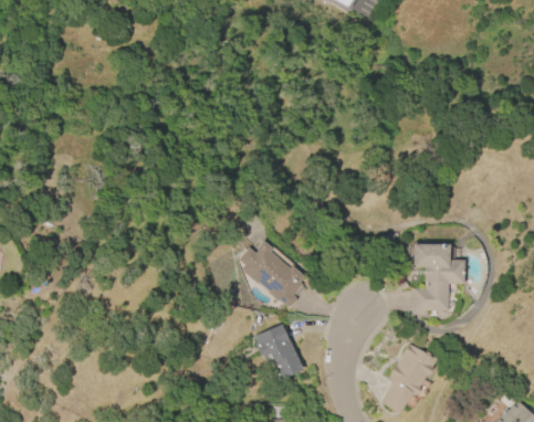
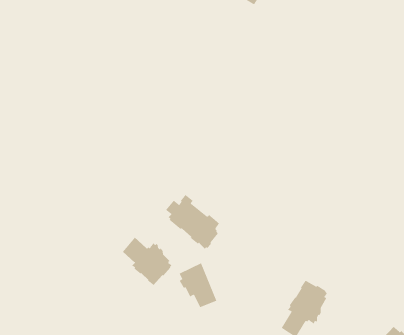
building: [412,242,464,310] -> none
building: none -> [122,237,172,286]

